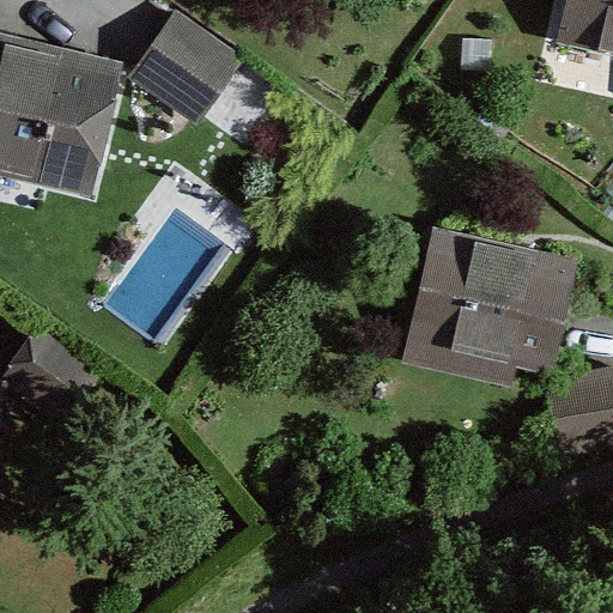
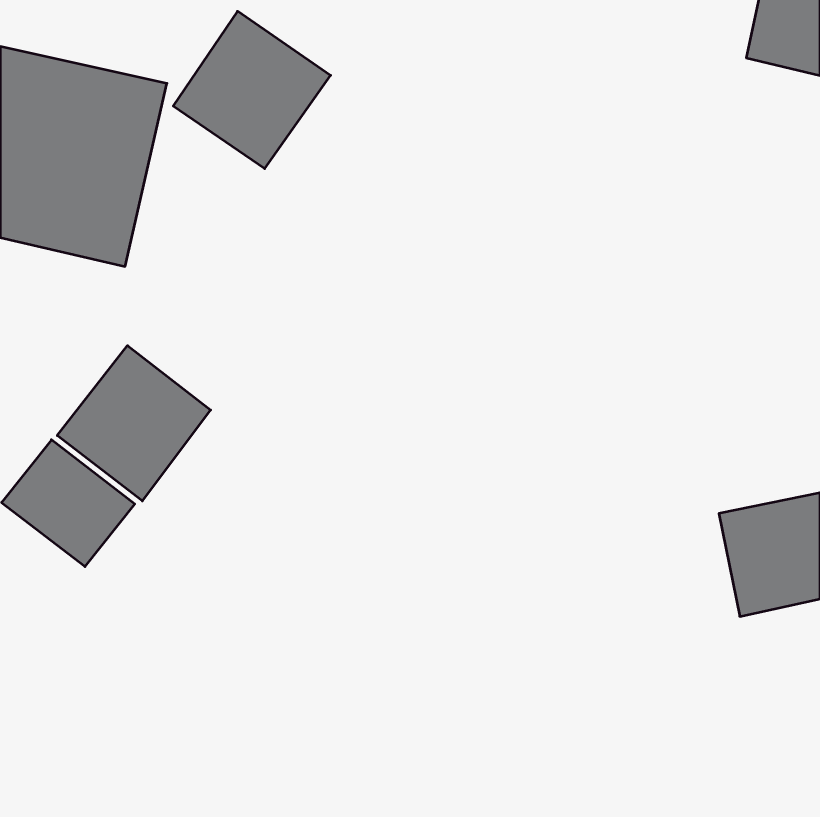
building: [401,226,579,387] -> none
building: none -> [57,346,211,501]

